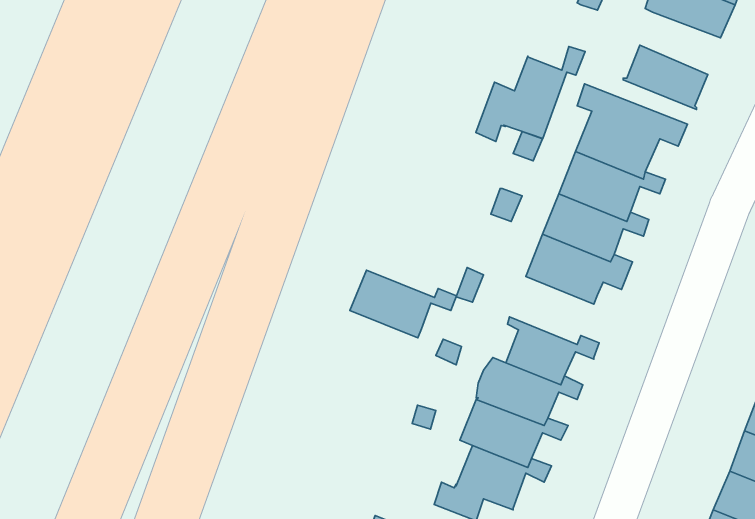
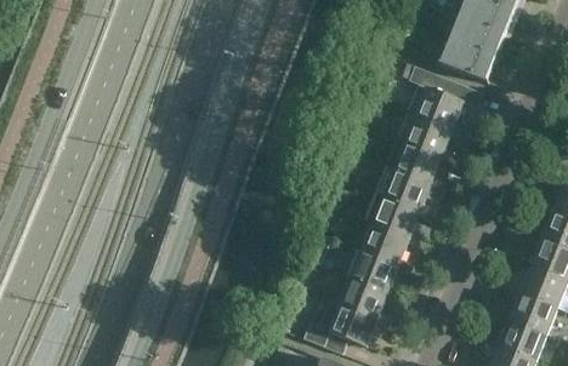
building: none -> [449,17,502,58]
building: [476,47,585,141] -> none
building: [350,270,456,338] -> [363,191,433,236]

